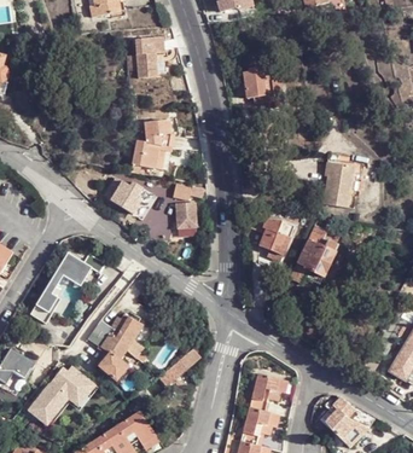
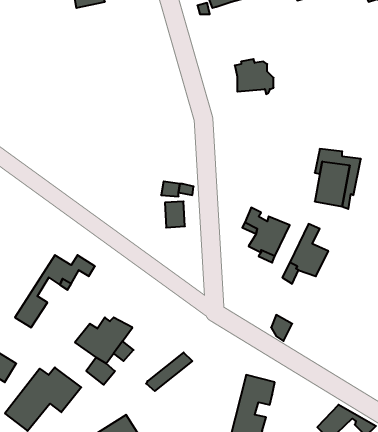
building: [128,36,169,77] -> none
building: [132,120,174,172] -> none
building: [106,174,155,214] -> none

